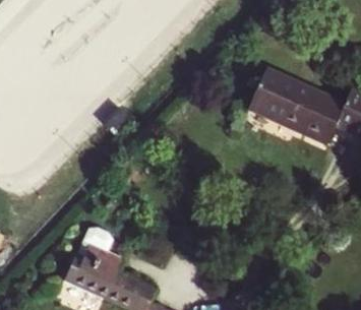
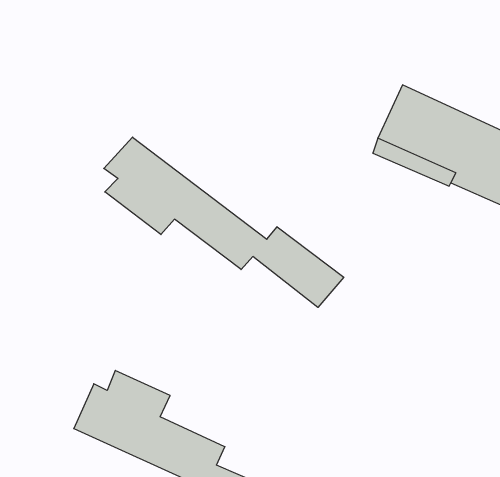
building: none -> [104,137,344,307]

